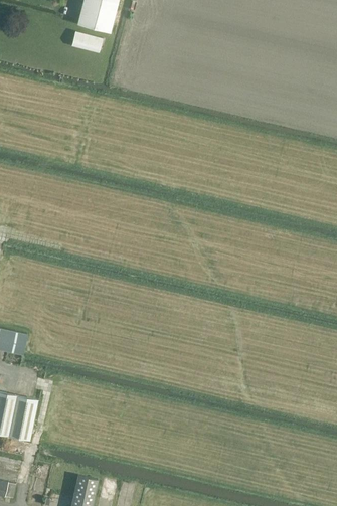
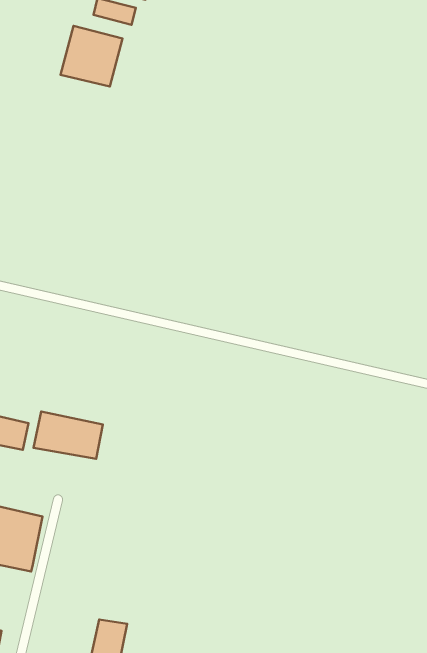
building: none -> [61,26,122,87]
building: none -> [34,412,103,459]

